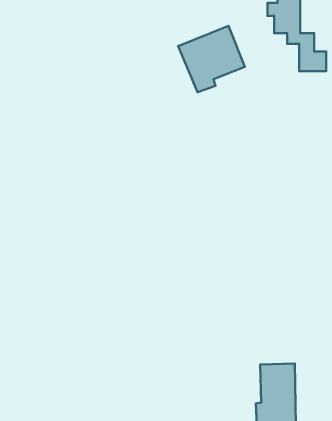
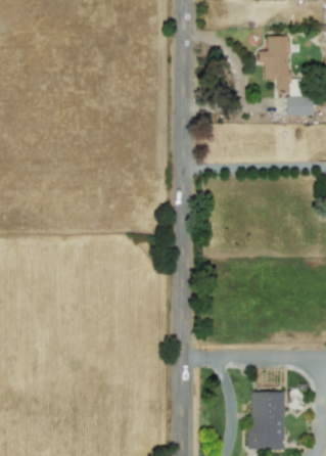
building: [178,26,245,92] -> none

